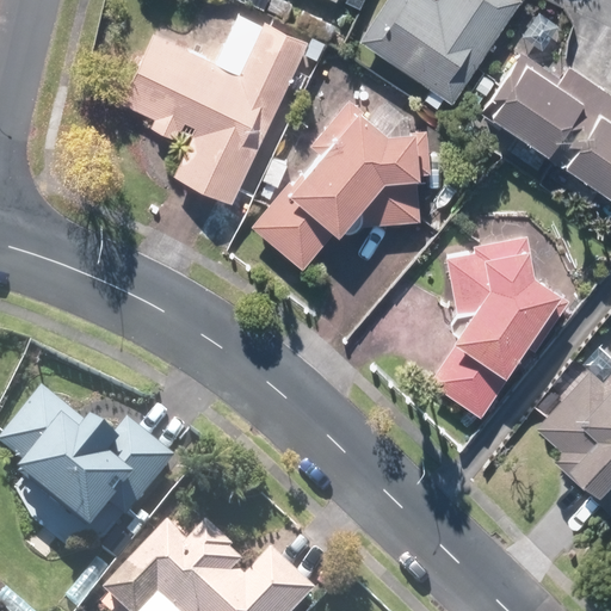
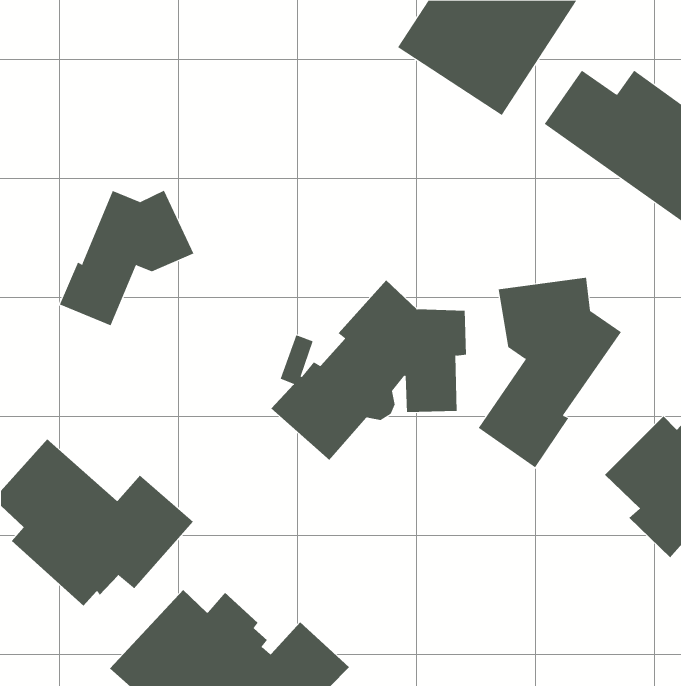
building: [122,14,308,203] -> none
building: [252,107,426,269] -> [270,279,467,461]
building: none -> [59,190,194,326]

